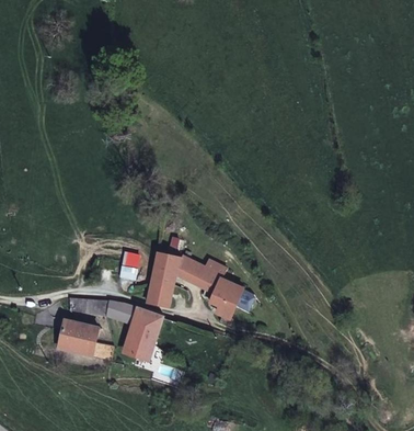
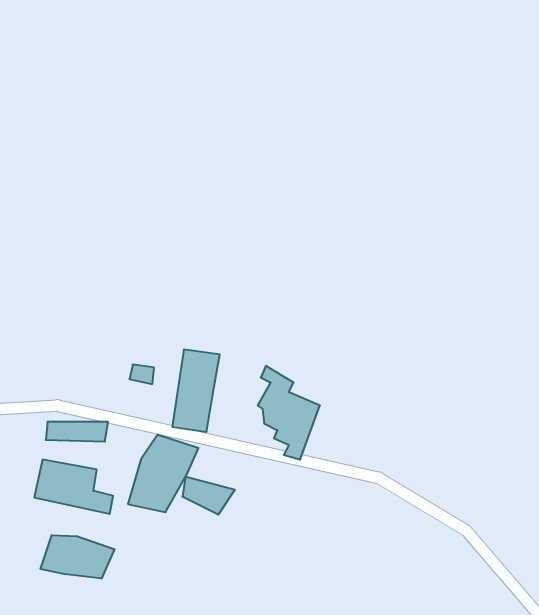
building: [176,256,214,290] -> none
building: [103,300,138,326] -> [182,477,235,515]
building: none -> [40,535,114,579]

